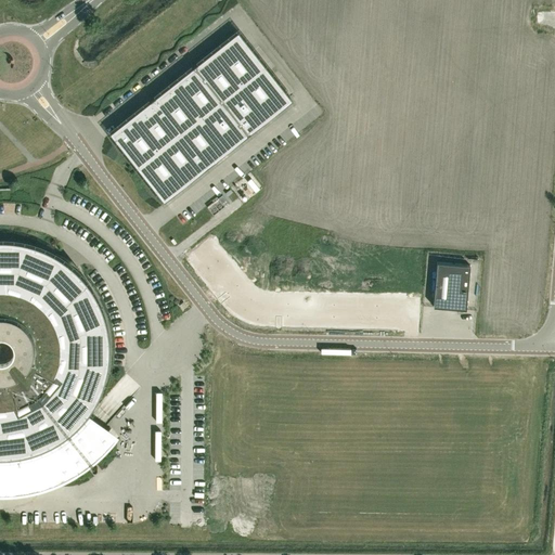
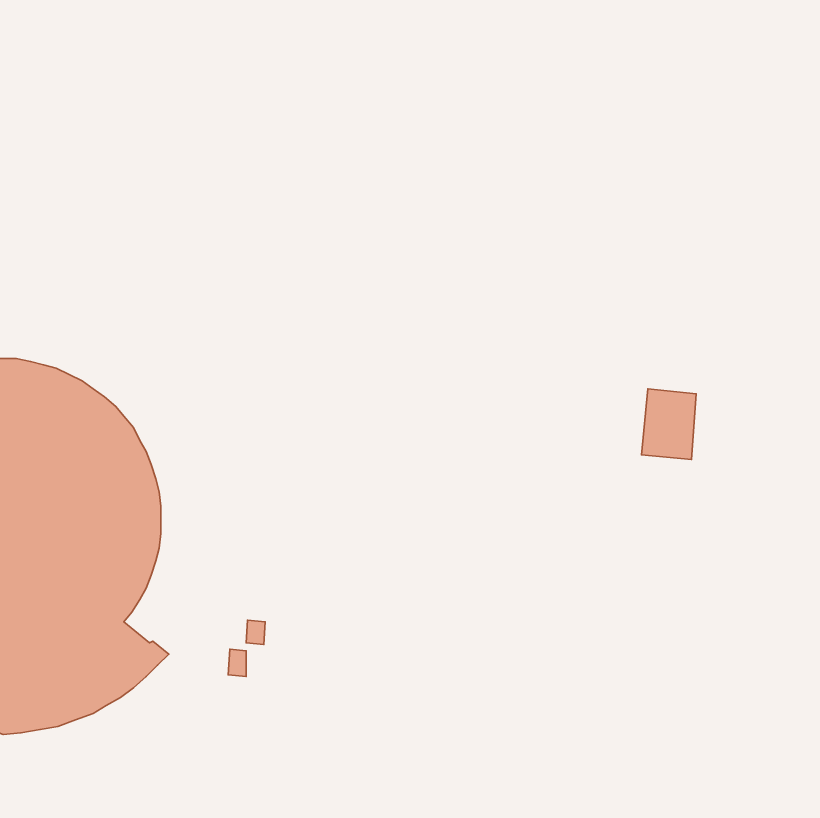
building: [109,34,292,204] -> none

